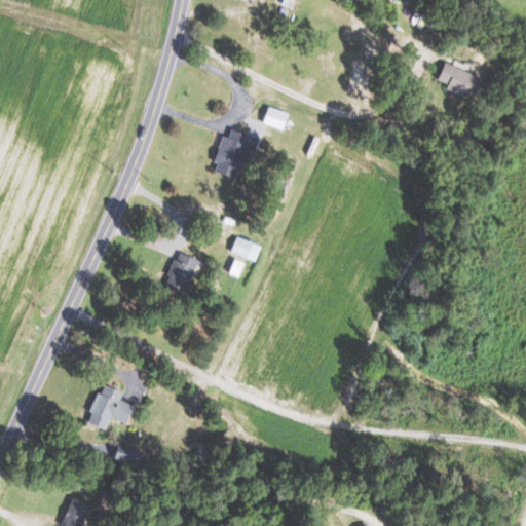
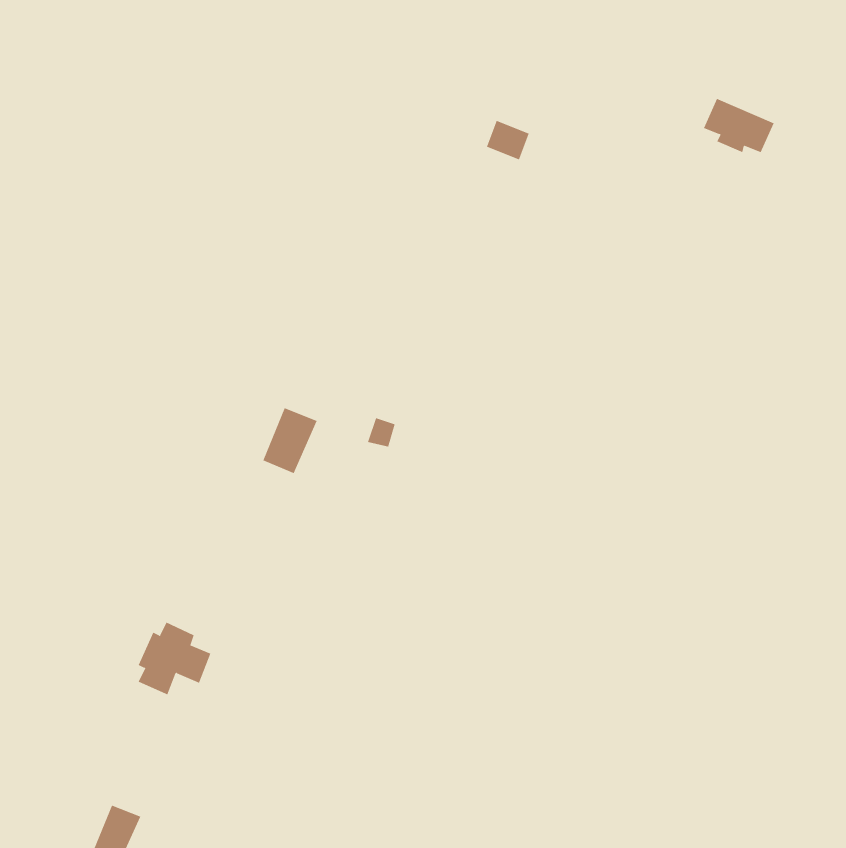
building: [262,106,289,130] -> [486,120,529,160]
building: [212,128,257,178] -> none
building: [230,236,262,262] -> none

